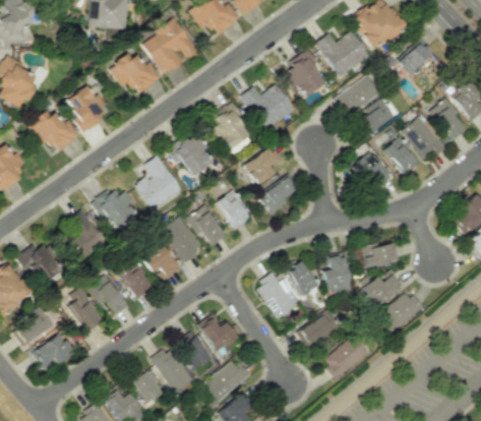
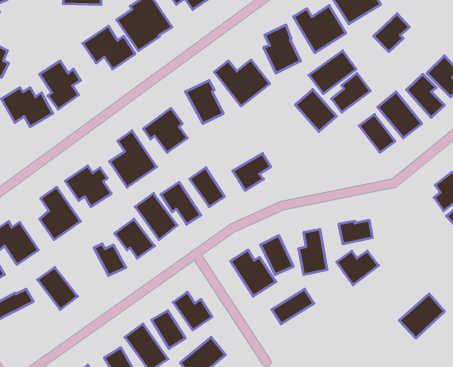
building: [244,145,282,184] -> none
building: [352,151,393,192] -> [295,89,336,132]
building: [91,275,126,313] -> none
building: [378,290,423,334] -> [399,294,444,338]
building: [34,334,74,365] -> none
building: [323,335,368,378] -> none

